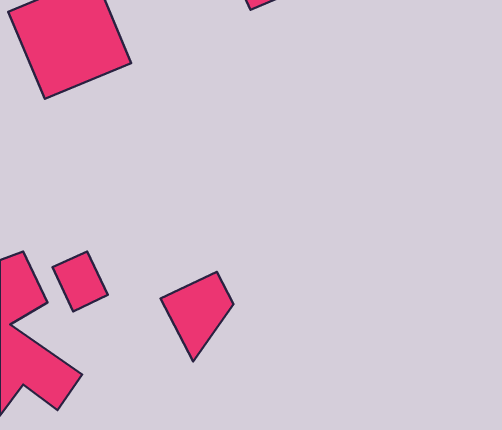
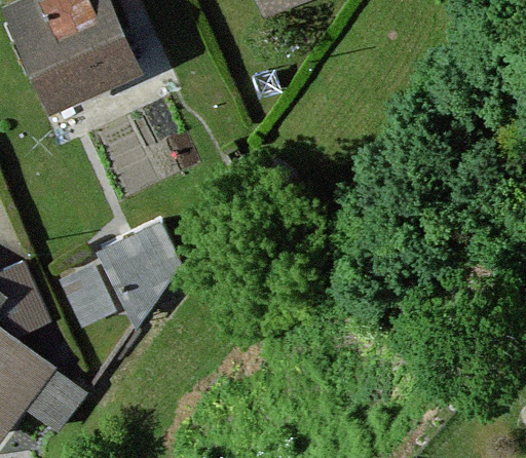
building: [161,272,233,361] -> [102,229,178,322]

